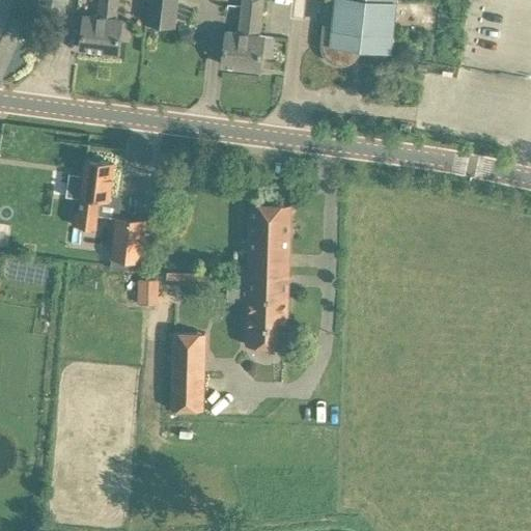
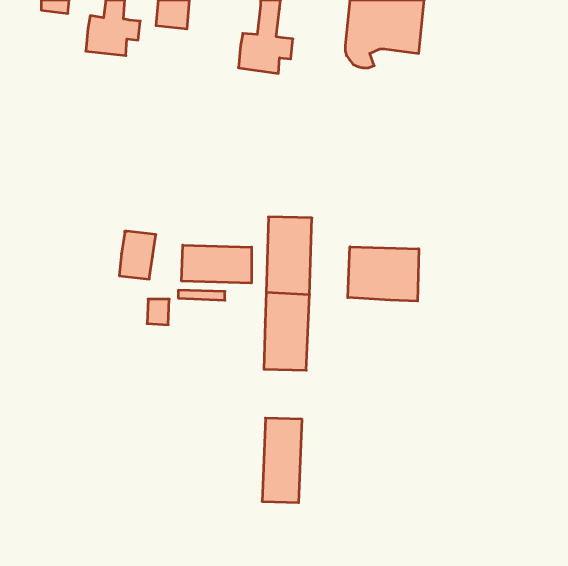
building: [65,161,113,228] -> none
building: none -> [182,245,252,283]
building: none -> [348,247,419,301]
building: [169,333,206,412] -> [262,418,302,503]

